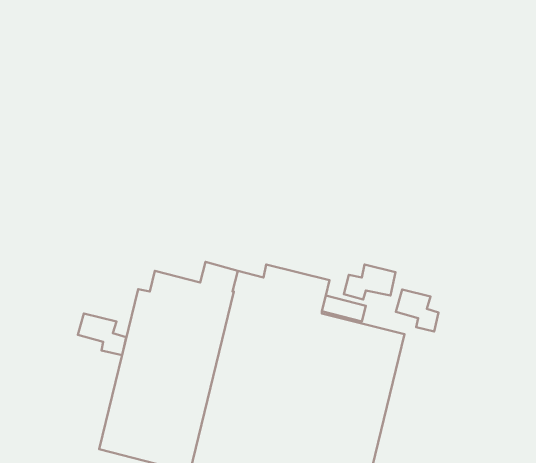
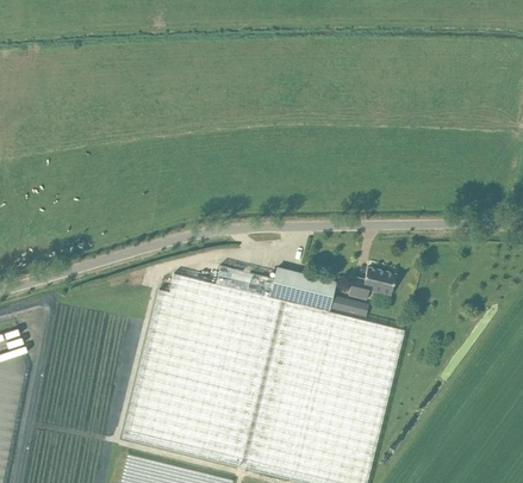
building: [396,289,439,331] -> none
building: [78,314,126,355] -> none

